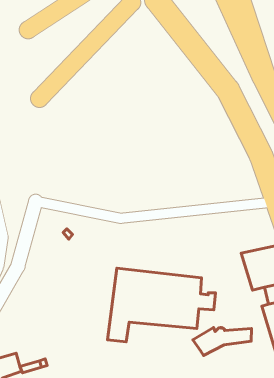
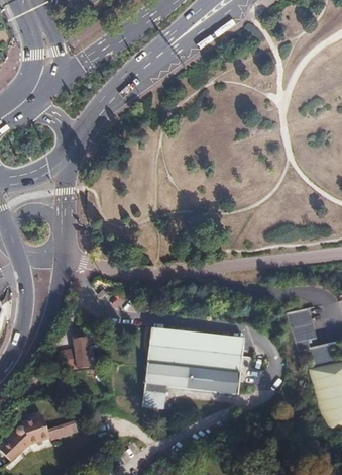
building: none -> [60,337,89,371]
building: [193,327,252,356] -> none

